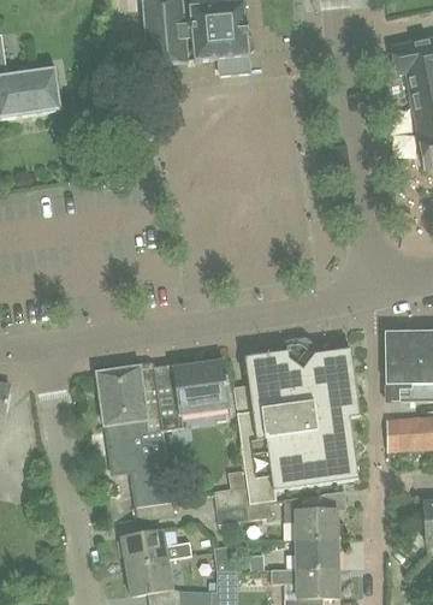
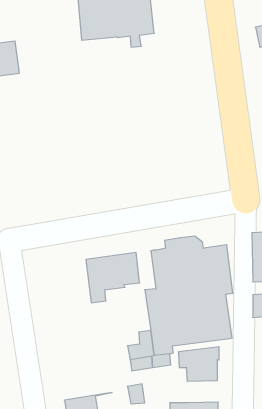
building: [97,368,179,509] -> none
building: [119,532,190,567] -> none
building: [295,539,338,570] -> none

